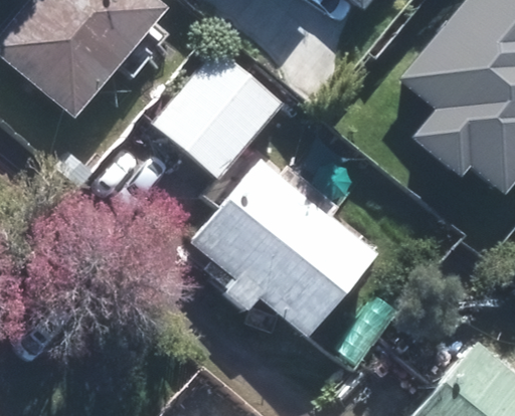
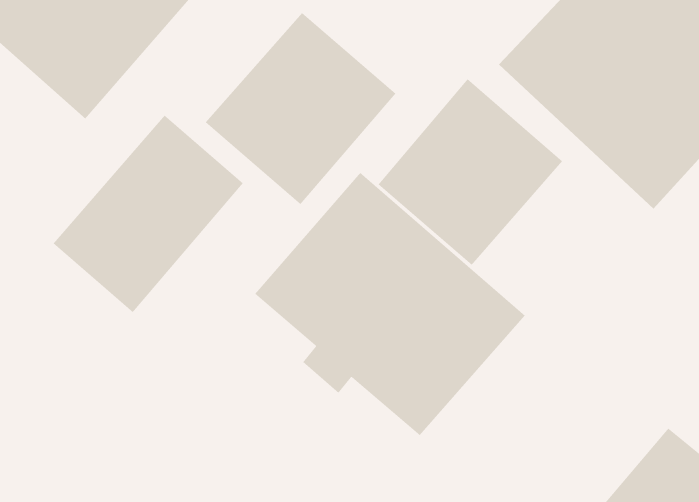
building: none -> [378,78,563,266]
building: none -> [52,114,244,313]

